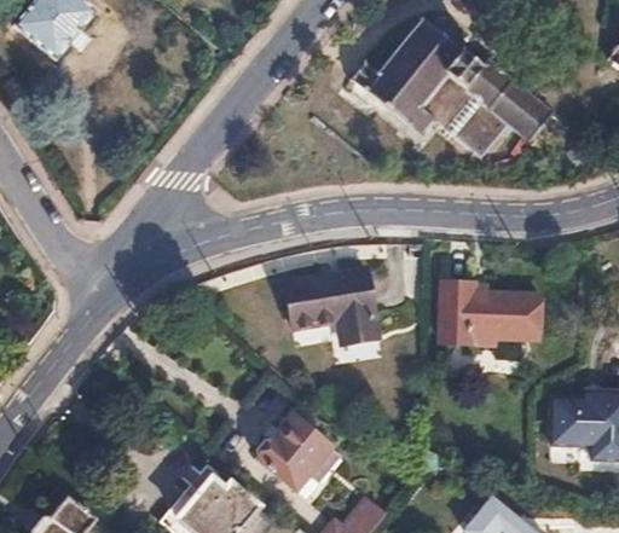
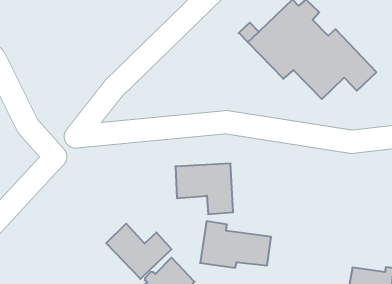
building: [442,282,542,344] -> [200,221,271,268]
building: none -> [106,224,172,279]

